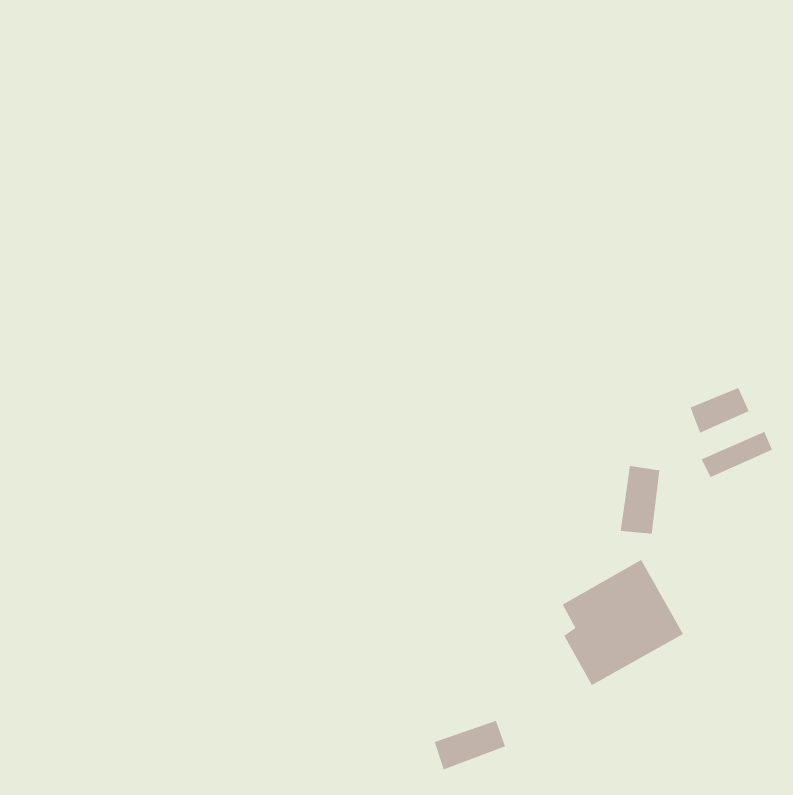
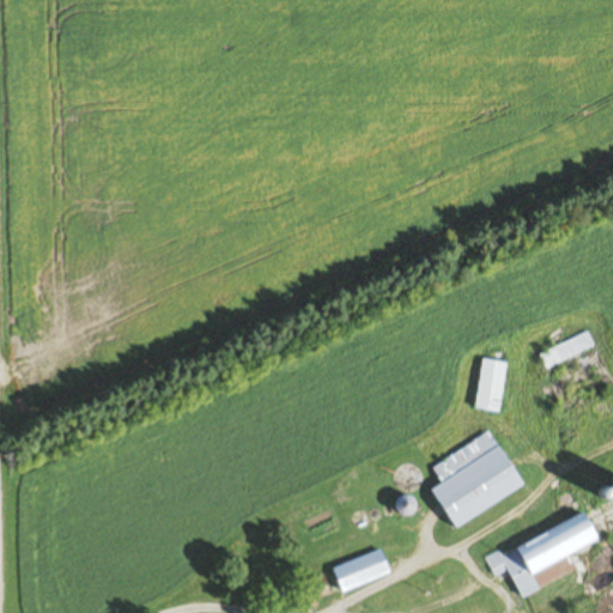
building: [690,387,749,433] -> none
building: none -> [484,514,600,596]

